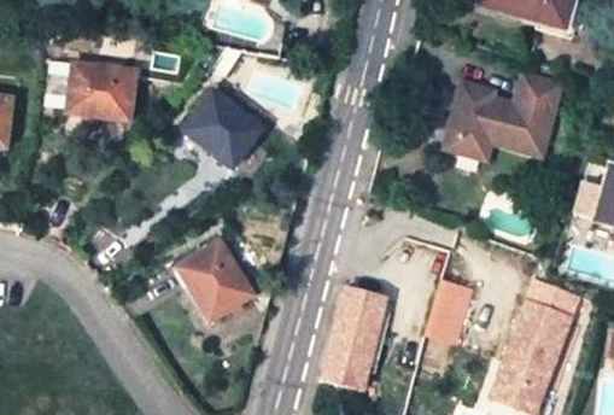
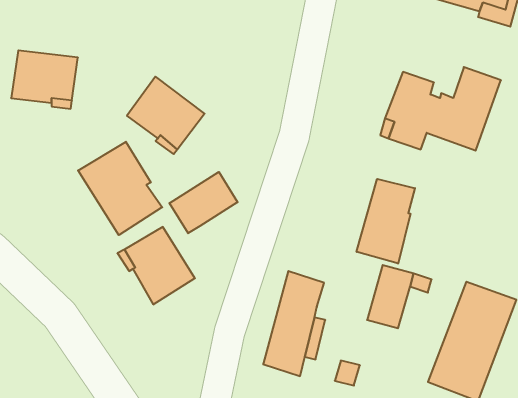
building: none -> [78,142,162,235]
building: none -> [169,172,238,233]
building: none -> [357,179,415,264]

